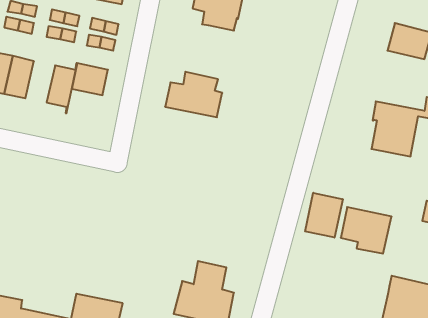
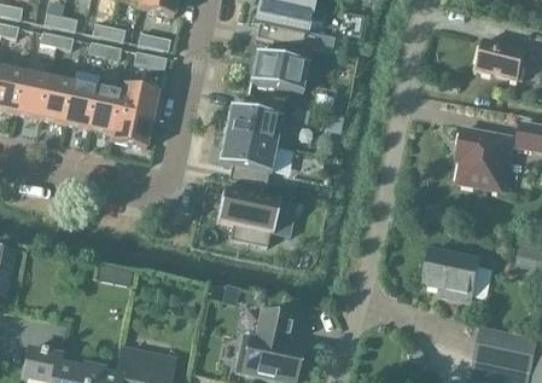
building: none -> [249,40,309,92]
building: none -> [64,81,98,128]
building: none -> [111,112,152,147]
building: none -> [217,133,282,186]
building: none -> [216,187,280,246]
building: [305,193,343,238] -> none

